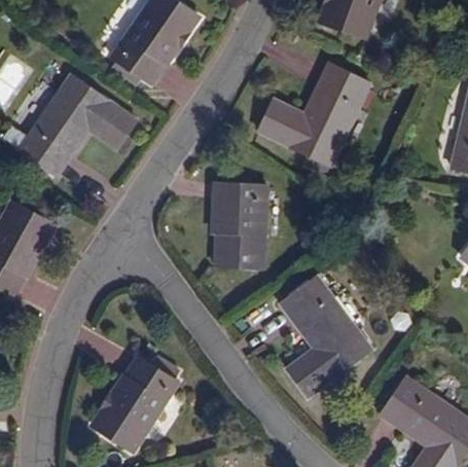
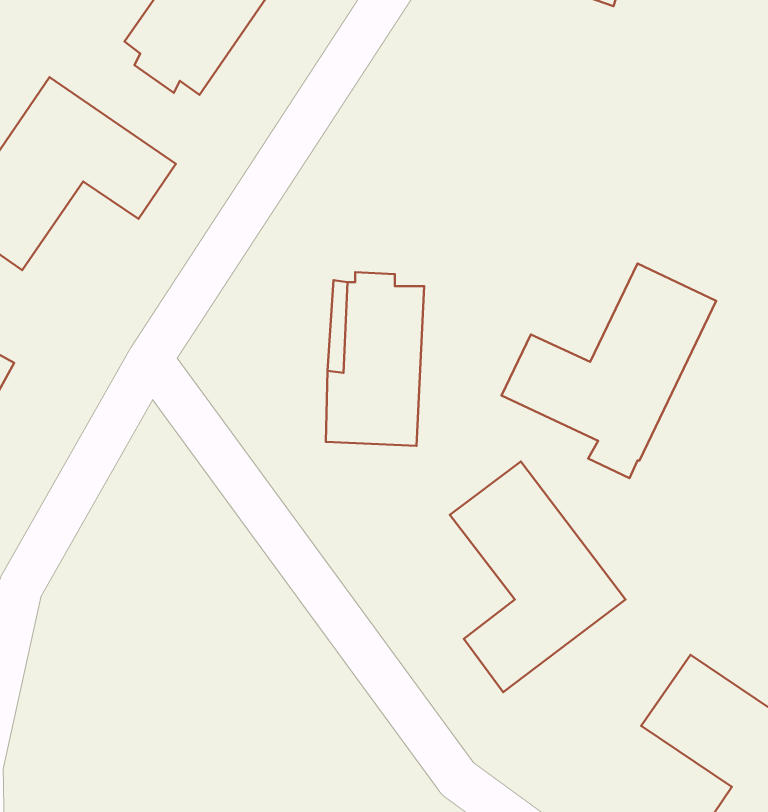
building: [257,64,369,176] -> [501,263,716,478]
building: [95,356,179,451] -> none

